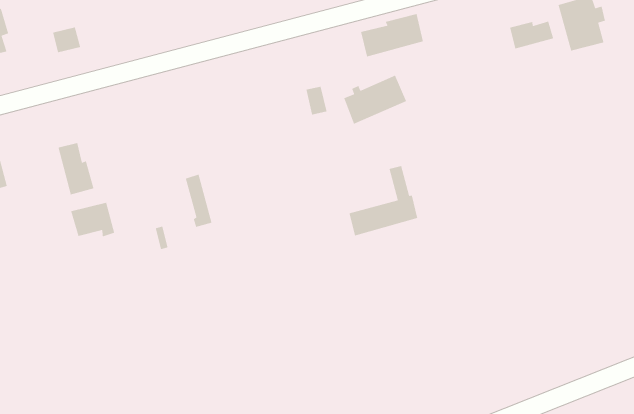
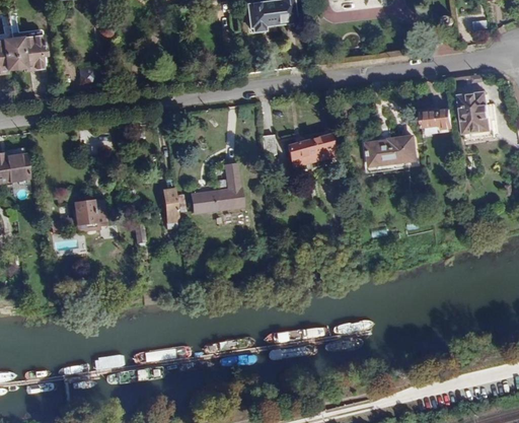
building: [360,13,424,58] -> [373,139,420,167]
building: [58,142,95,196] -> none
building: [349,165,418,236] -> [191,163,242,212]

